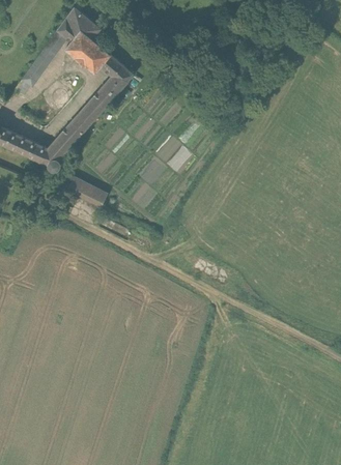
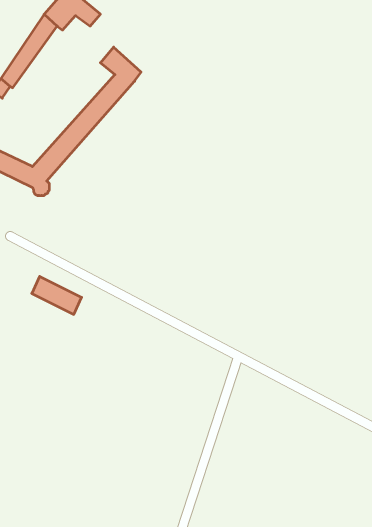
building: [66,30,111,72] -> none
building: [64,178,104,208] -> [32,276,82,314]

